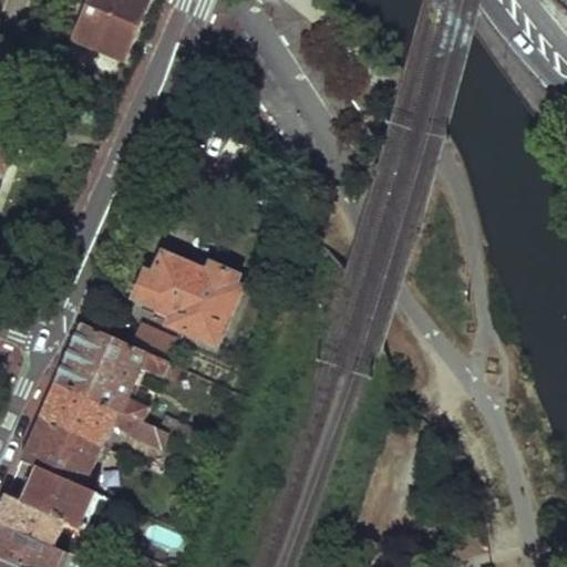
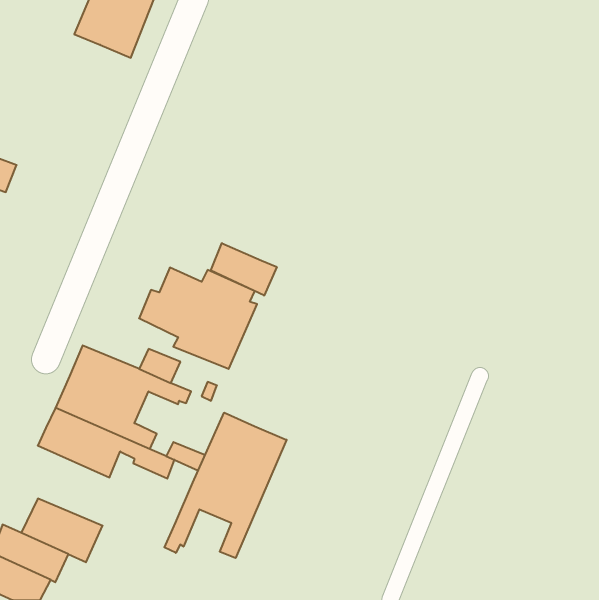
building: none -> [211,243,277,296]
building: none -> [164,413,287,558]
building: [17,419,107,497] -> none

